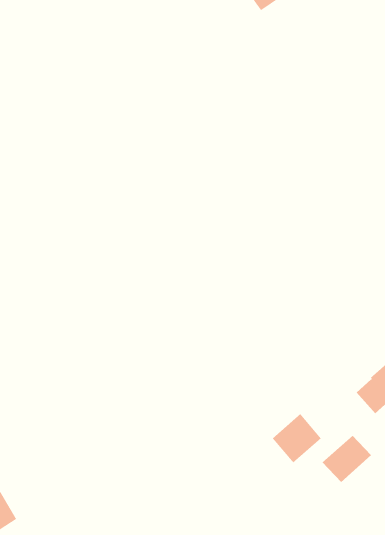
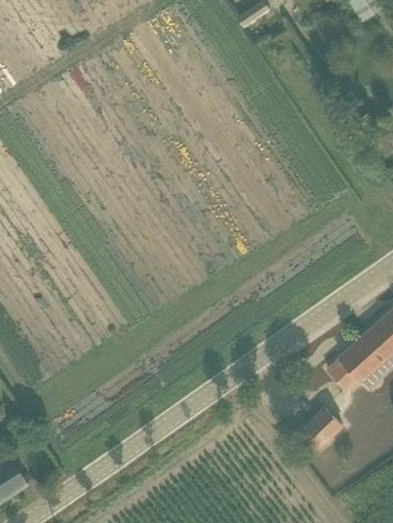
building: [272,413,322,464] -> none

